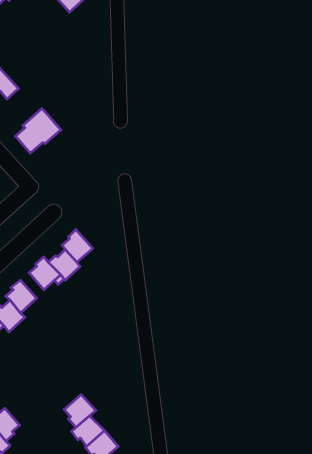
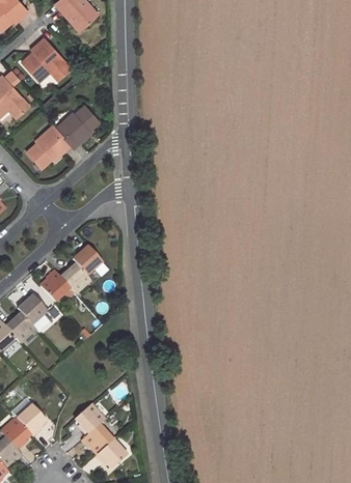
building: none -> [21,37,71,81]
building: none -> [55,105,99,148]
building: none -> [16,404,46,436]

